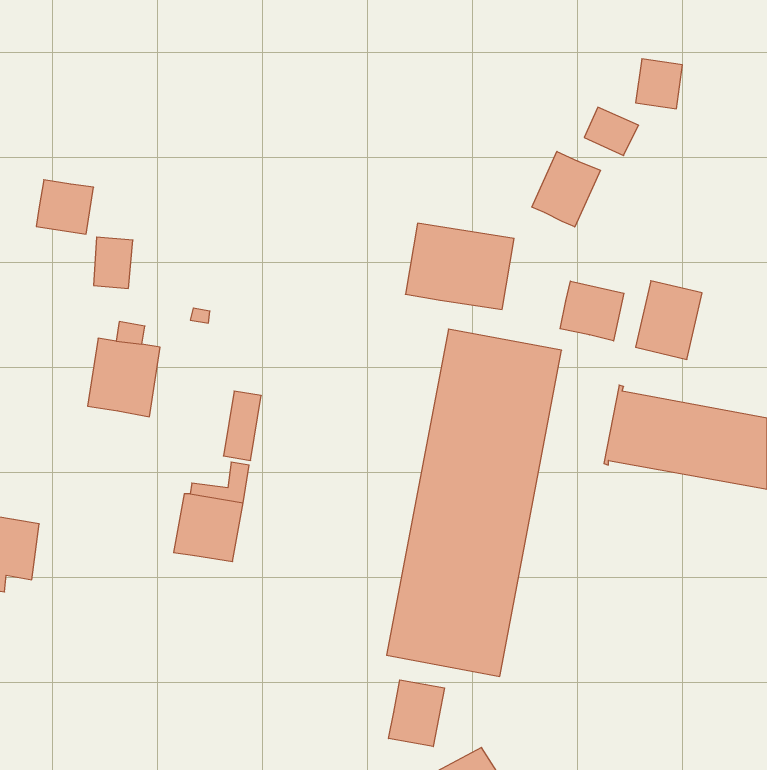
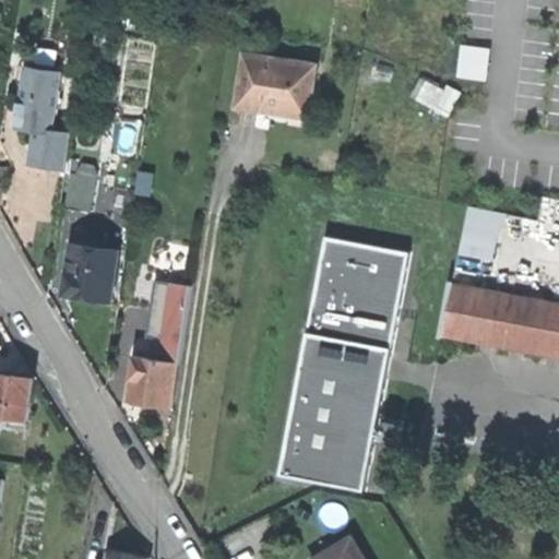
building: none -> [15,69,60,134]
building: [532,151,601,227] -> none
building: [405,223,514,309] -> [234,53,312,116]
building: [560,281,624,341] -> none
building: [389,680,444,747] -> none

